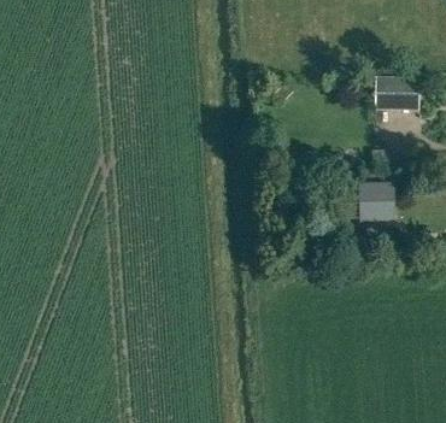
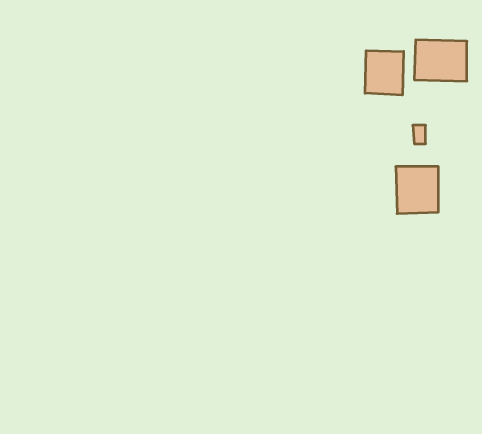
building: none -> [365,51,404,95]

